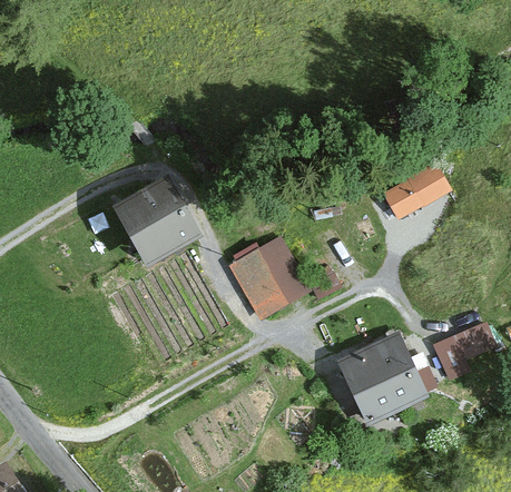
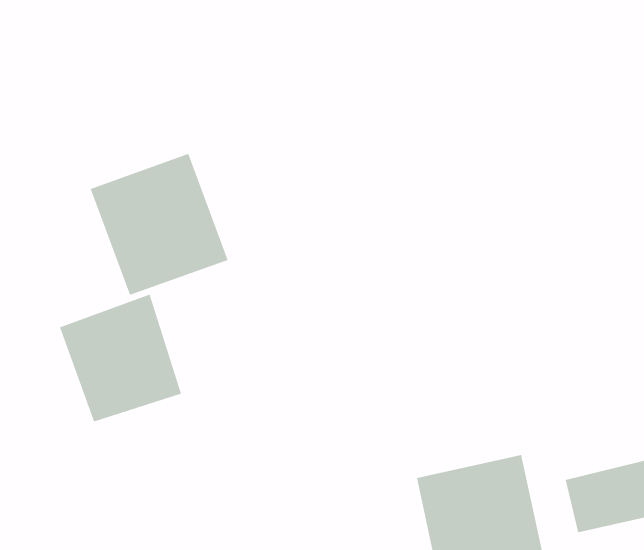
building: [380,160,450,220] -> none
building: [228,234,311,318] -> [59,294,182,422]

